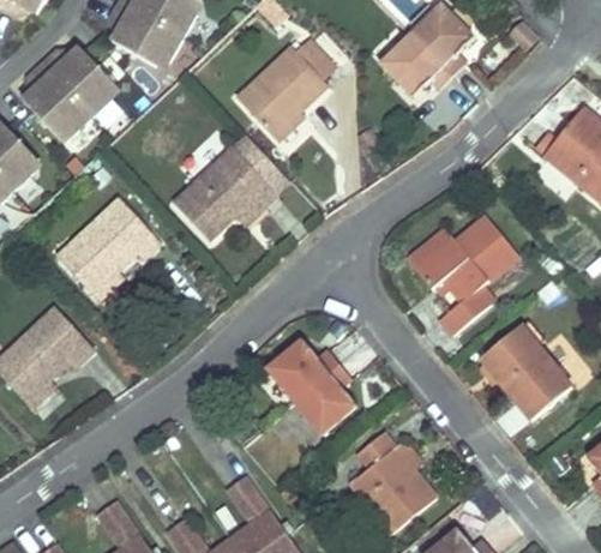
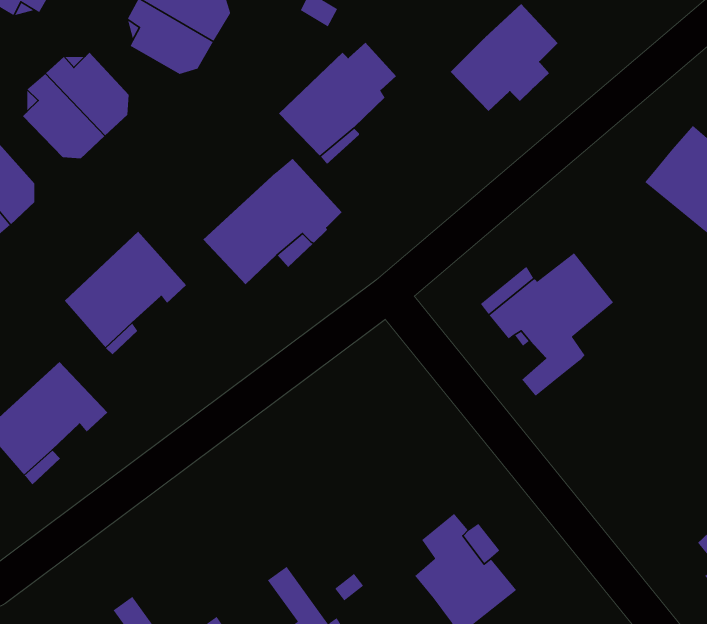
building: [481,325,571,419] -> none
building: [268,339,357,435] -> none

